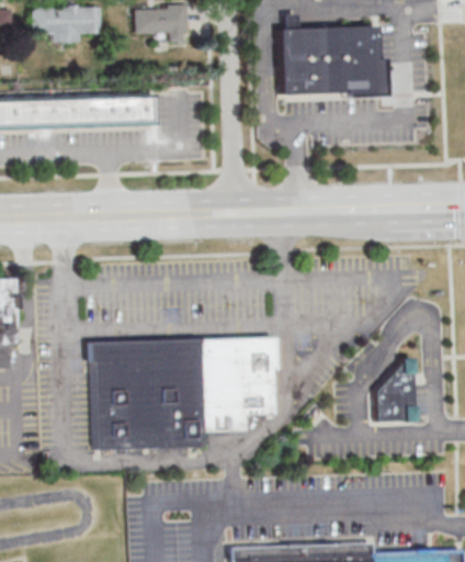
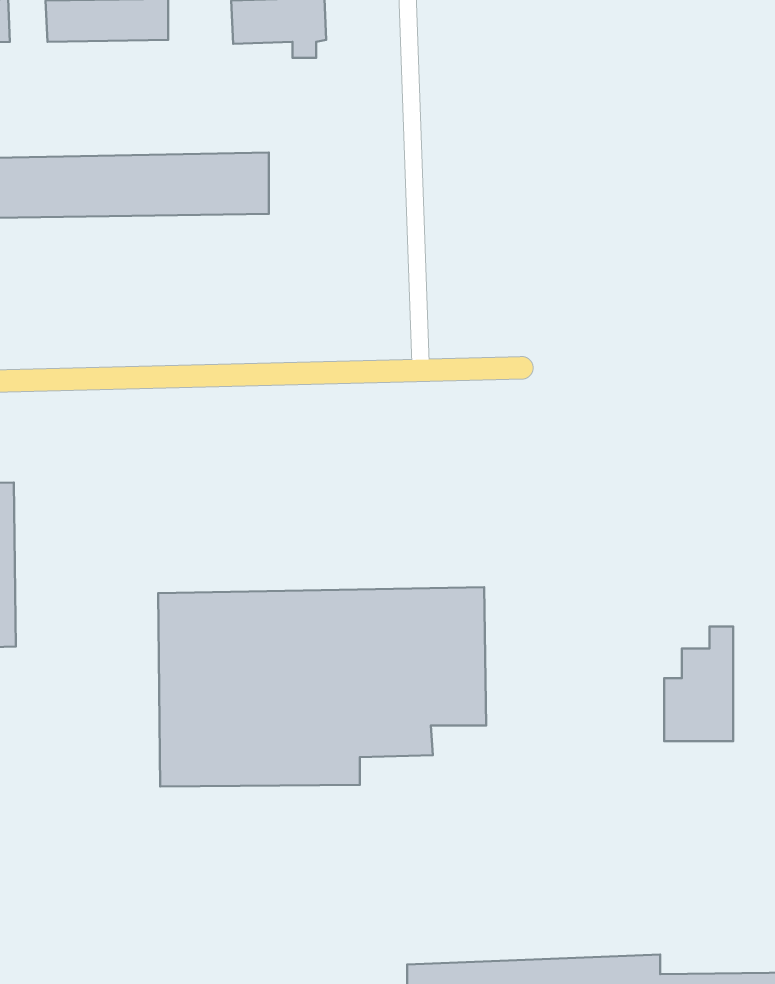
building: [276,14,384,99] -> none

